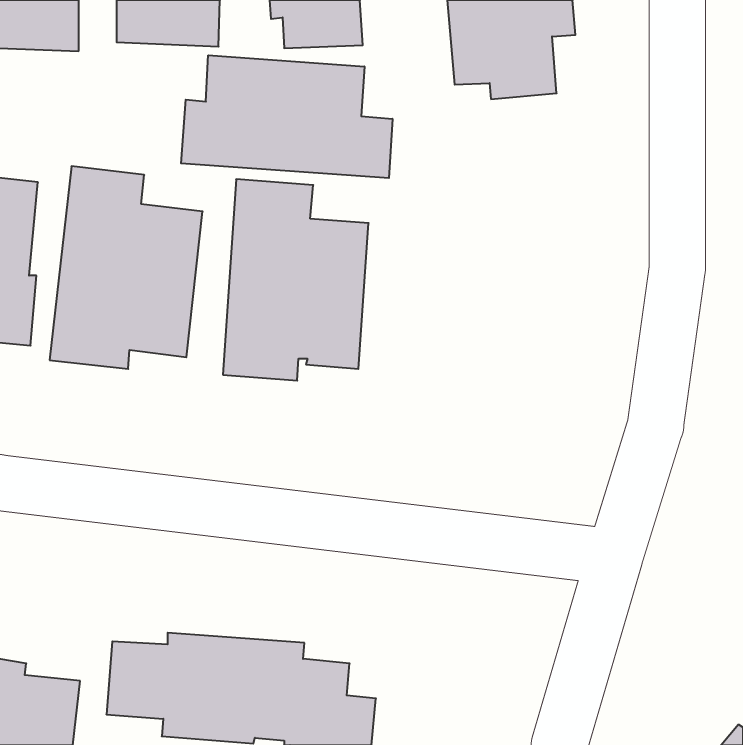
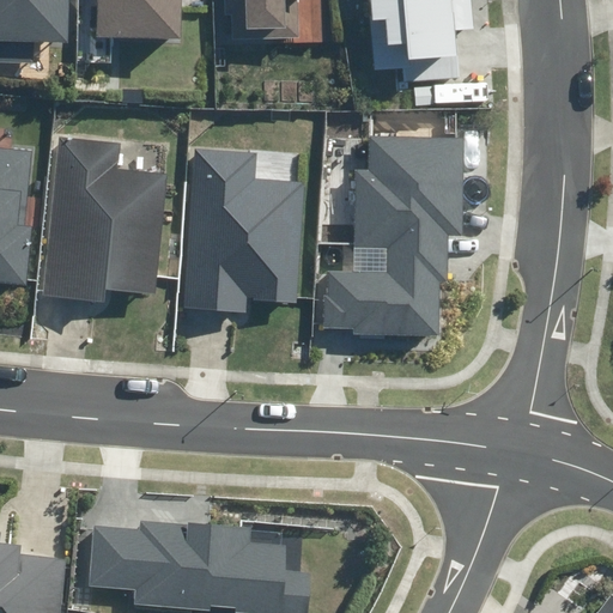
building: [181,55,392,178] -> none
building: none -> [322,135,462,335]

